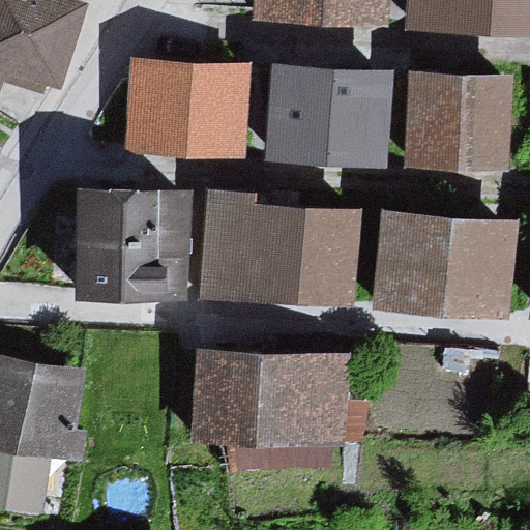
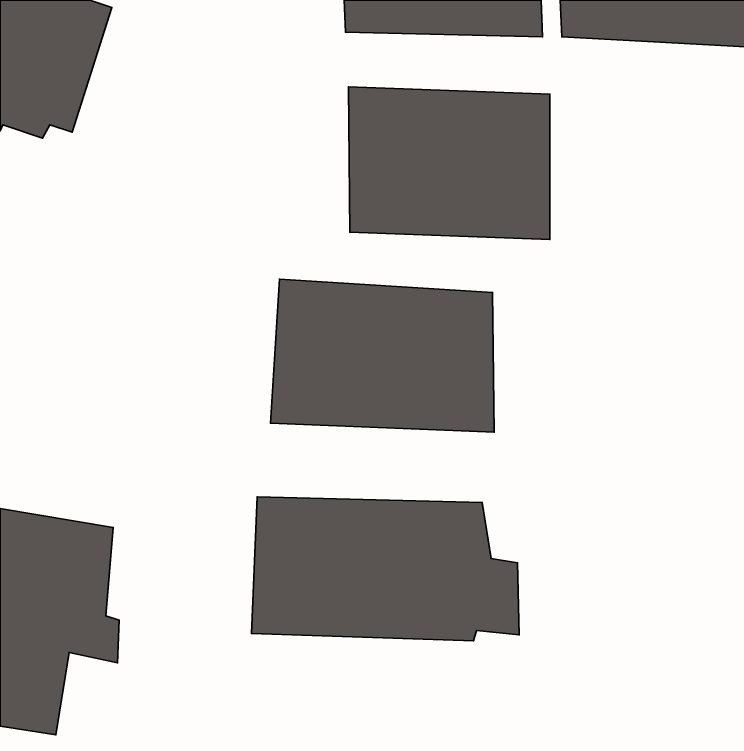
building: [123,59,243,156] -> none
building: [408,77,513,169] -> none
building: [62,189,180,302] -> none
building: [380,216,519,319] -> none

